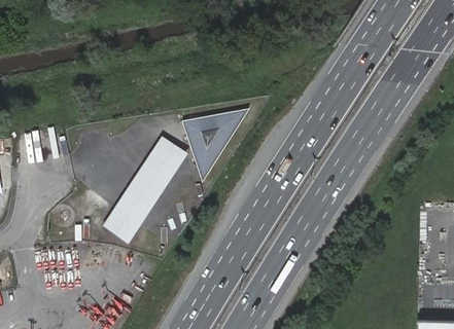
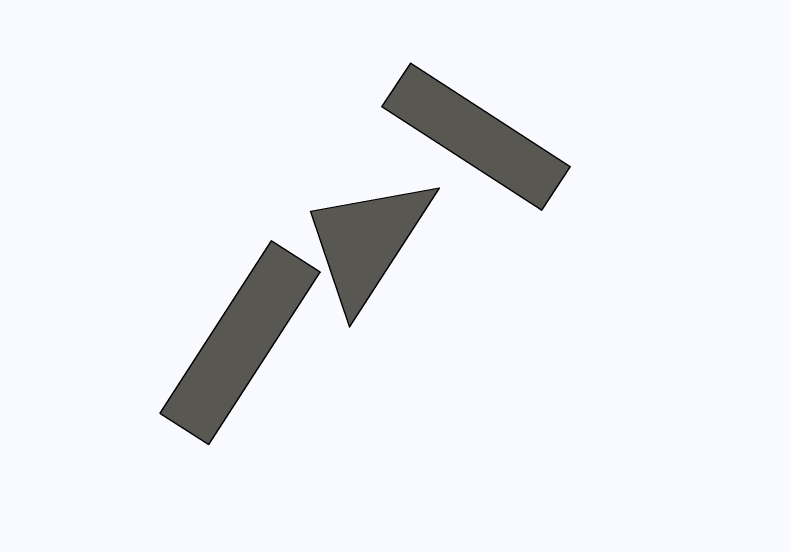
building: none -> [382,63,570,210]

